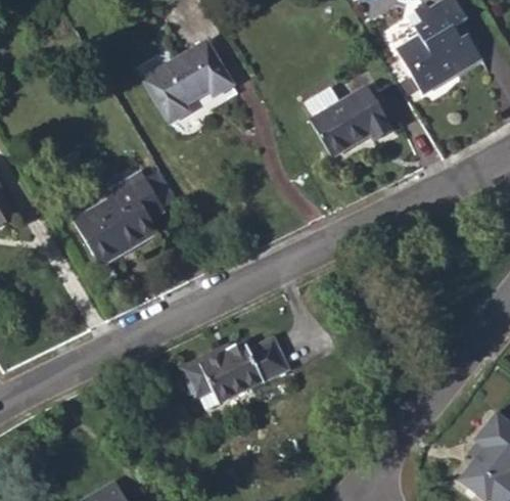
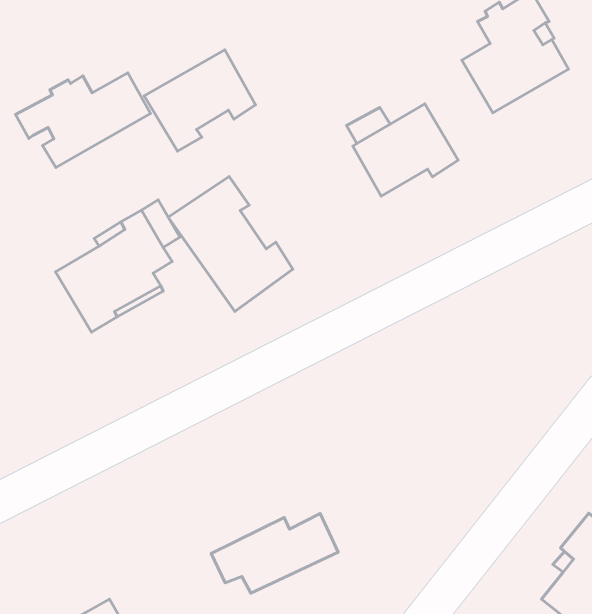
building: none -> [16,73,150,168]
building: none -> [168,176,293,311]
building: [186,337,287,401] -> [211,514,338,593]

